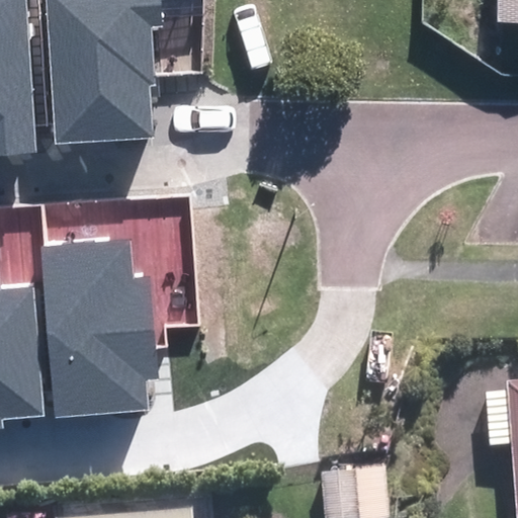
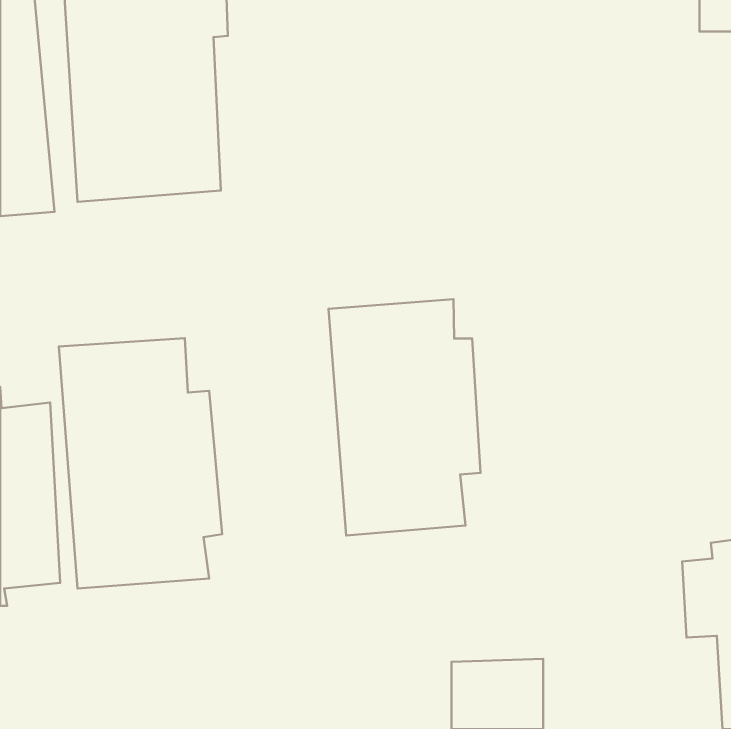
building: none -> [329,299,481,536]

